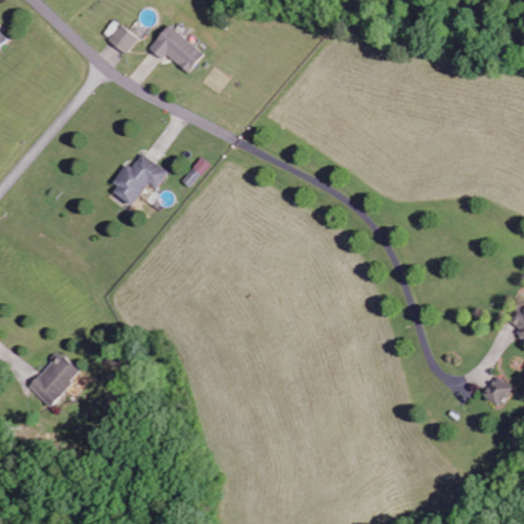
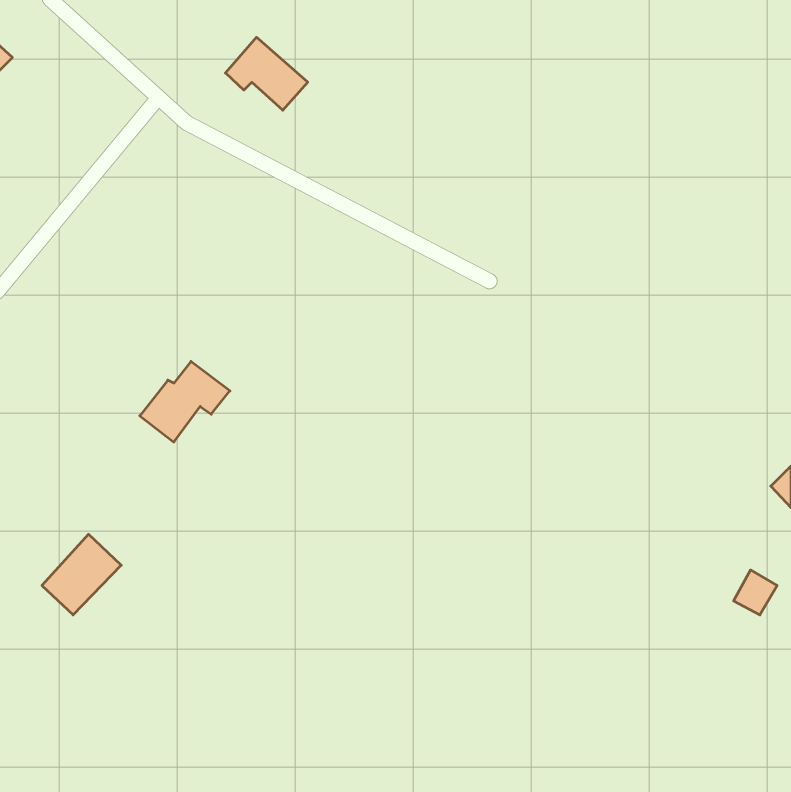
building: [107,25,138,55] -> none
building: [108,152,168,206] -> [140,361,230,442]

